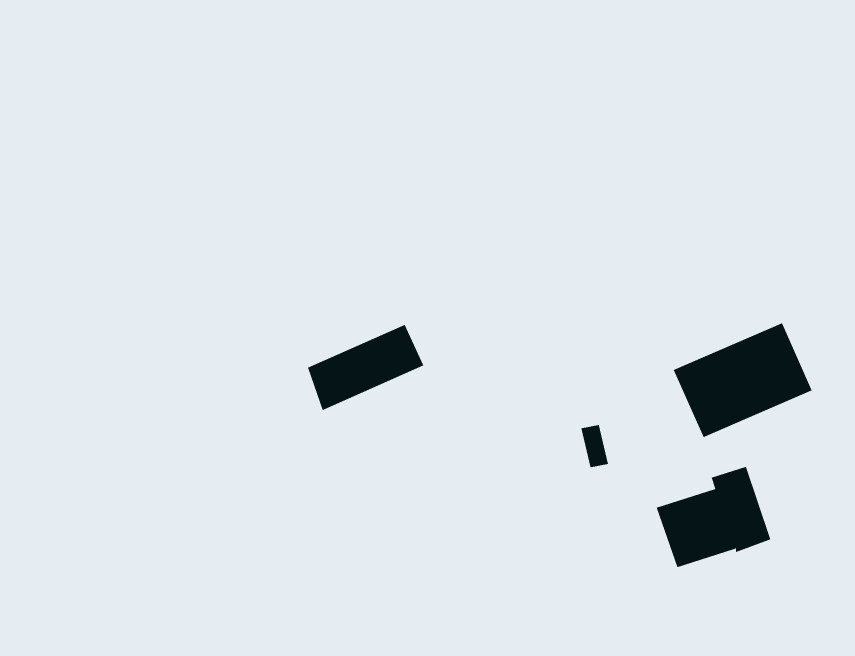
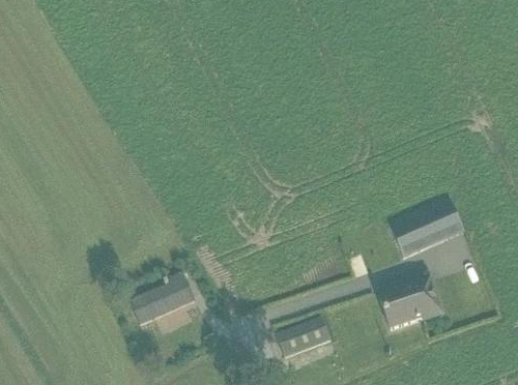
building: [307,324,424,411] -> [131,277,195,325]
building: none -> [277,317,330,357]

